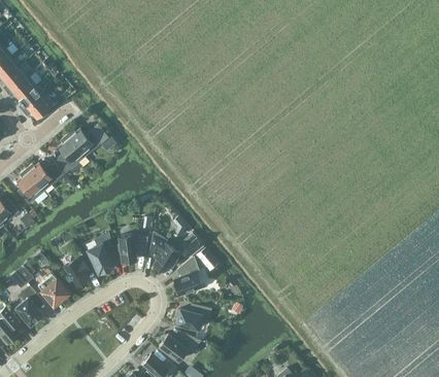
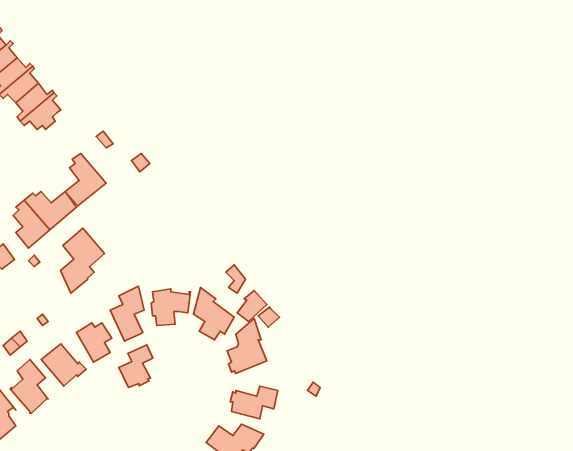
building: [66,130,102,158] -> none
building: none -> [60,228,105,293]
building: none -> [119,345,153,388]

